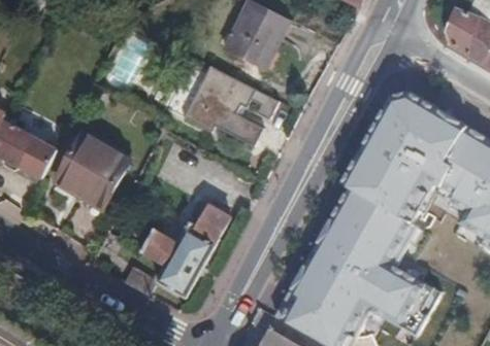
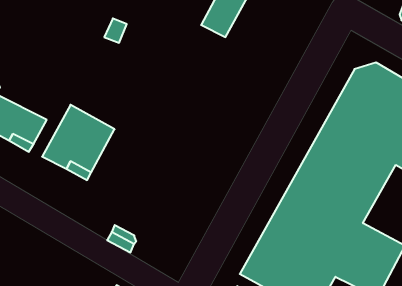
building: [184,63,281,145] -> none
building: [141,198,231,297] -> none

